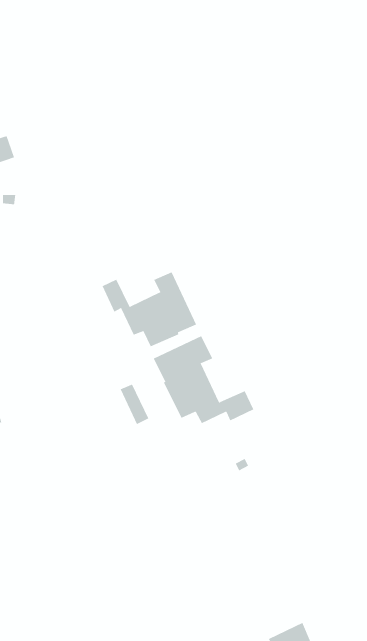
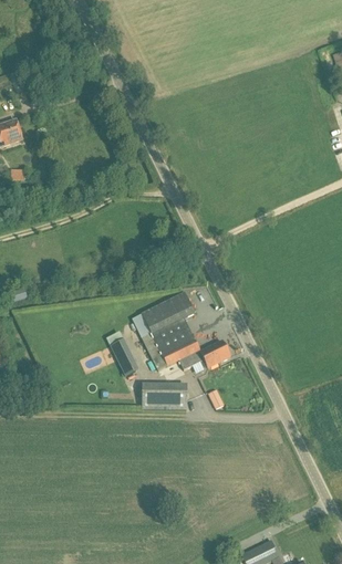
building: [102,272,197,347] -> none
building: none -> [143,384,188,406]

